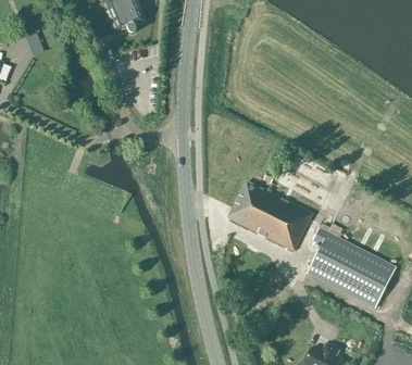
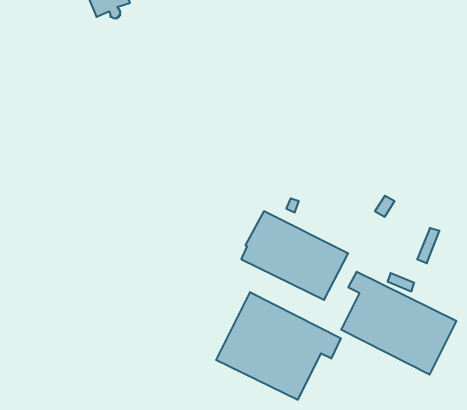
building: none -> [216,292,341,400]

